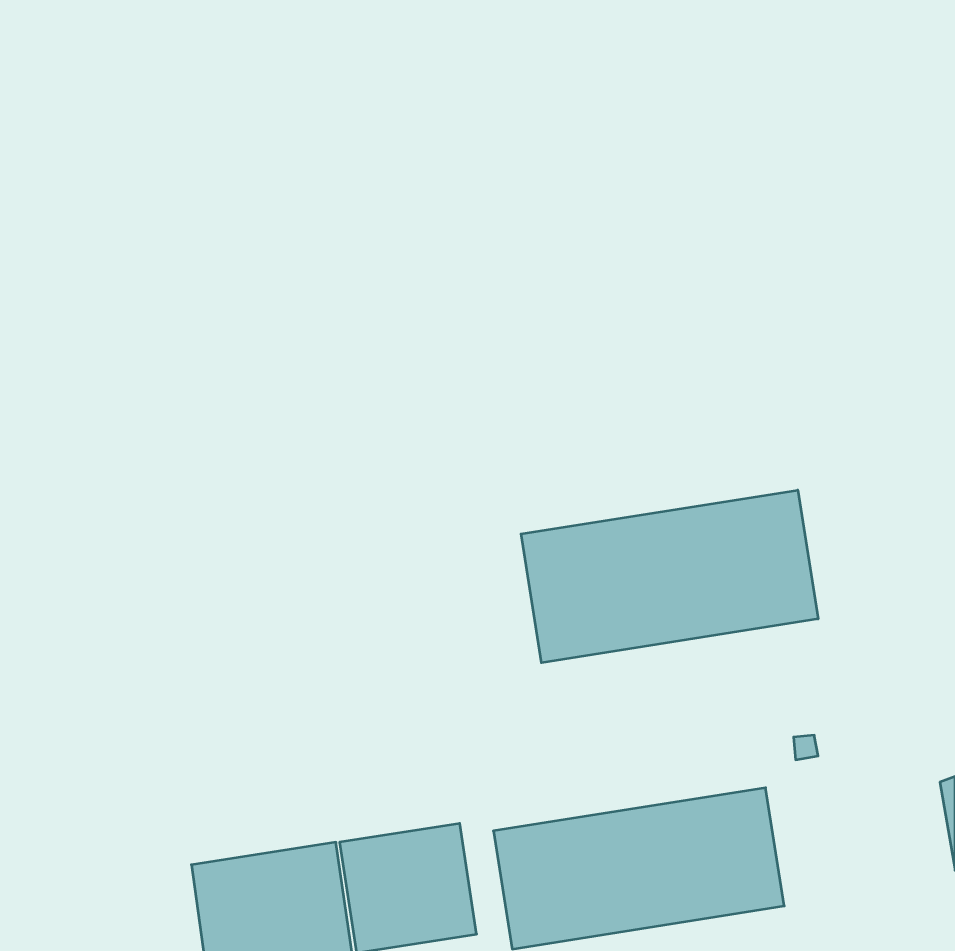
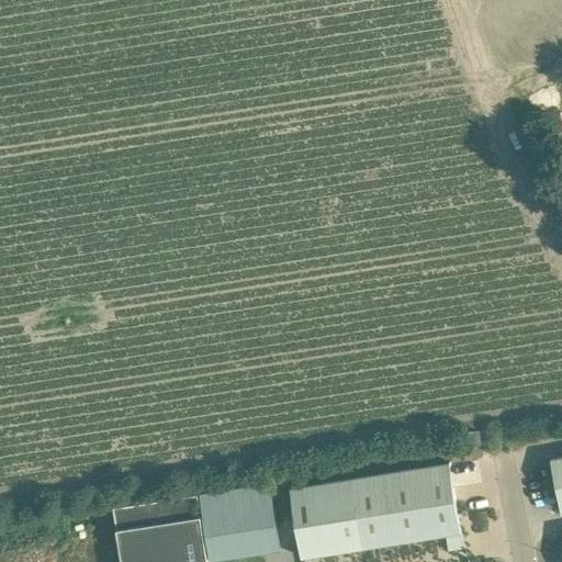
building: [521,490,818,663] -> none

